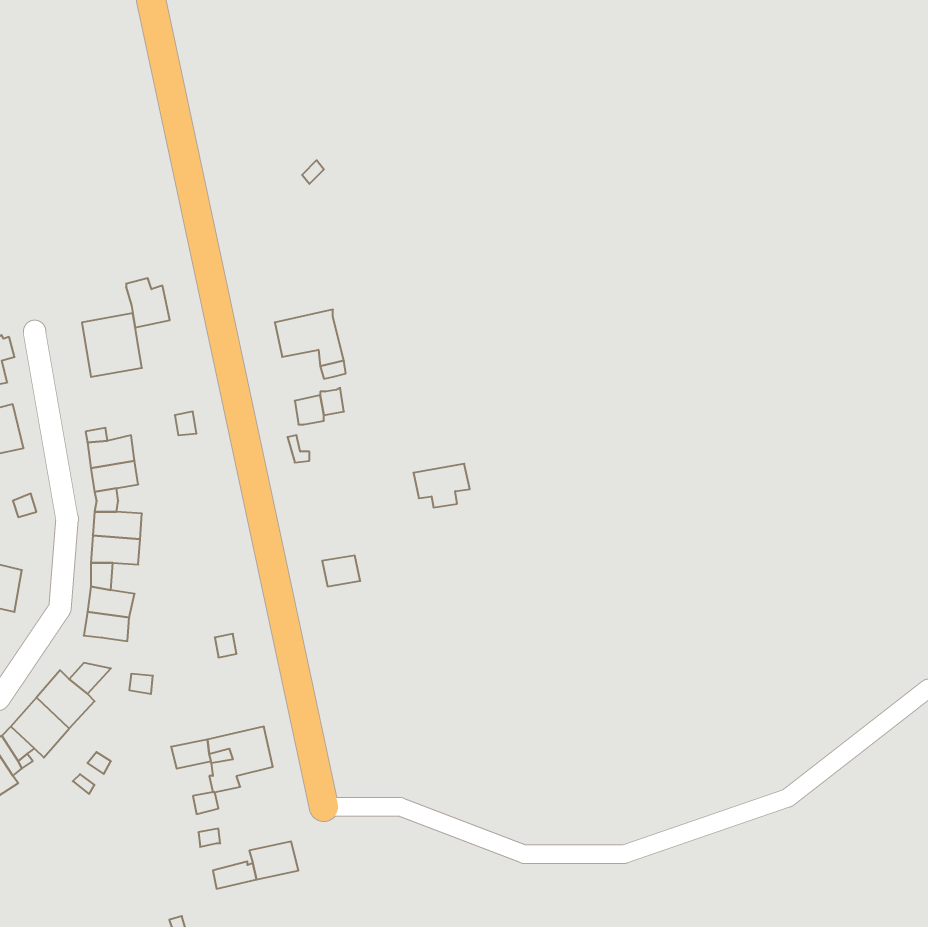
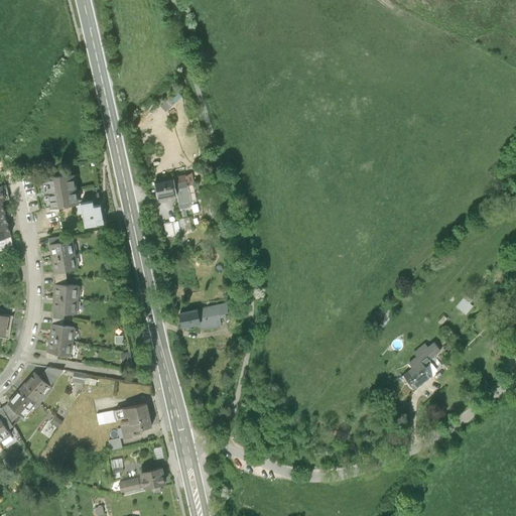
building: [126,278,170,327] -> [80,202,104,229]
building: [413,464,470,507] -> [197,304,228,329]
building: none -> [399,345,436,387]

